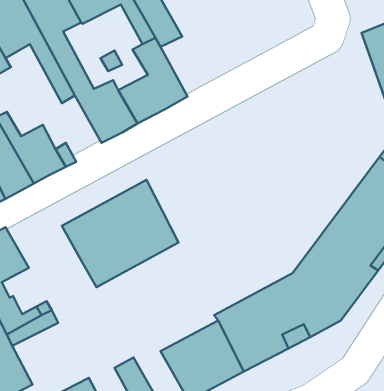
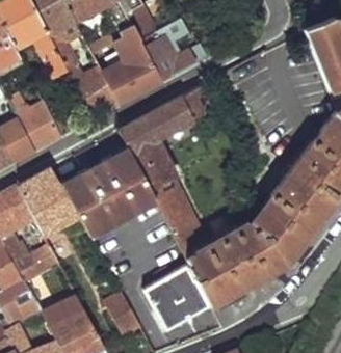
building: none -> [142,32,211,81]
building: none -> [122,89,204,240]
building: none -> [17,167,79,236]

